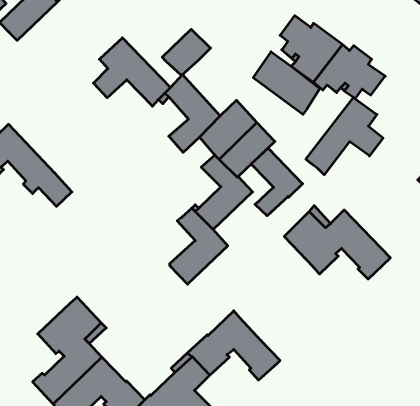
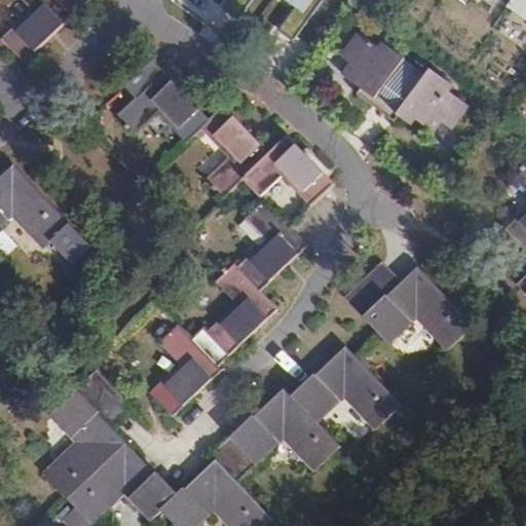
building: [162,29,211,75] -> none
building: [253,52,320,114] -> none
building: [306,97,383,175] -> none
building: [251,148,303,216] -> none
building: none -> [148,323,228,416]
building: none -> [291,346,401,428]

